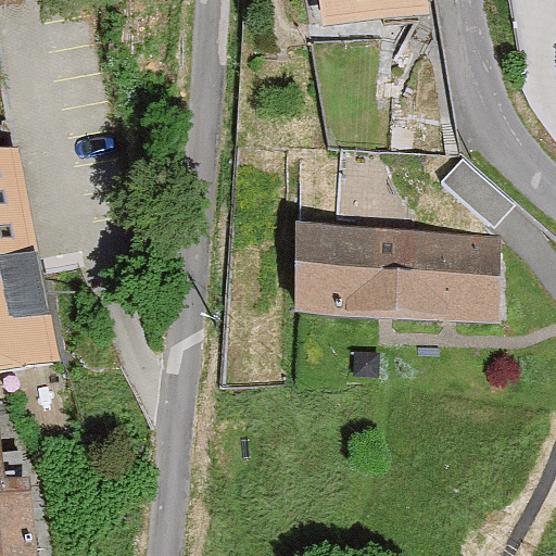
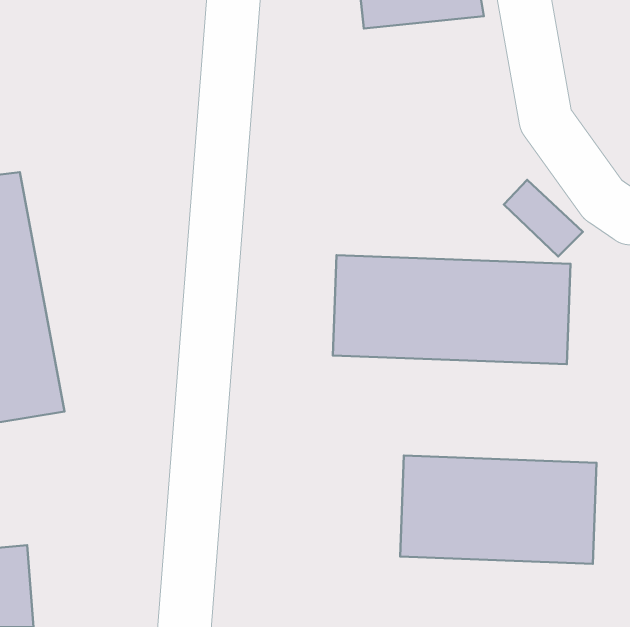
building: none -> [400,456,596,564]

